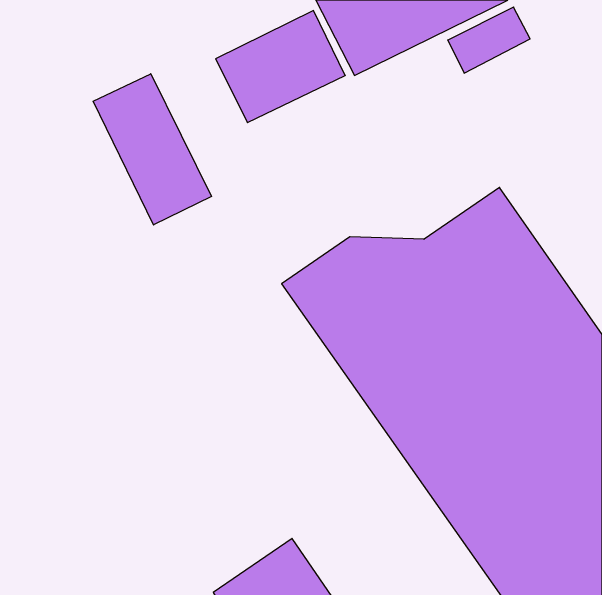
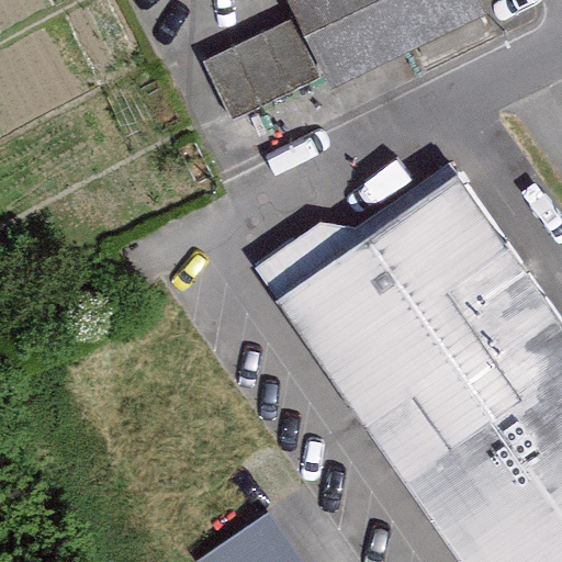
building: [93,74,212,225] -> none

